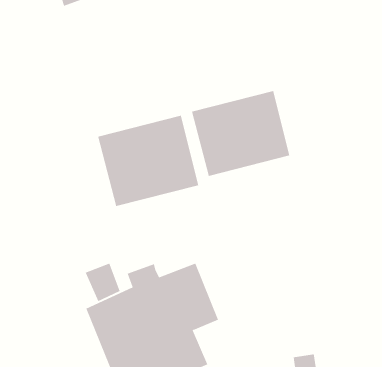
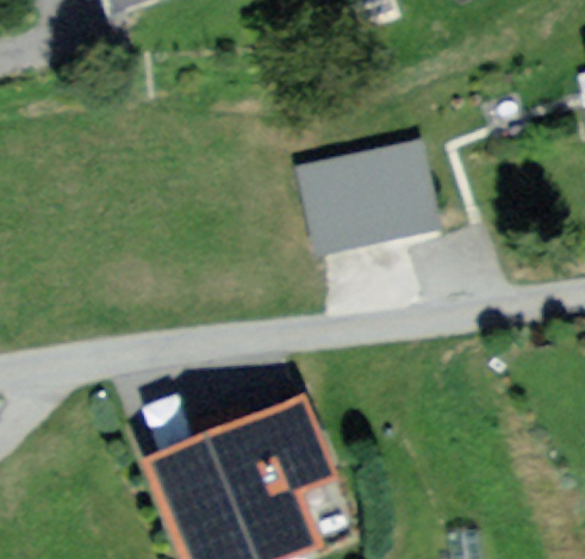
building: [98,115,199,207] -> none

